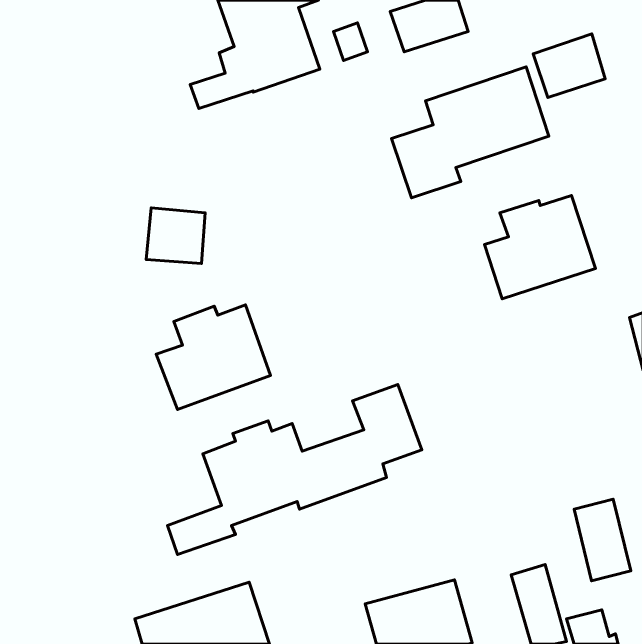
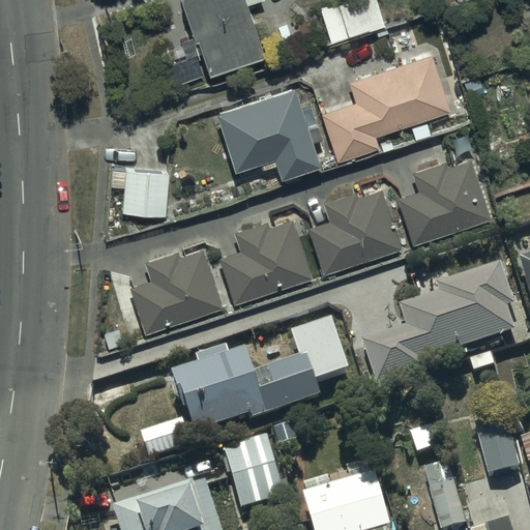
building: [533,34,605,97] -> none
building: none -> [217,88,321,180]
building: none -> [308,189,401,273]
building: none -> [220,220,313,304]
building: none -> [361,264,516,390]
building: none -> [223,434,285,506]

